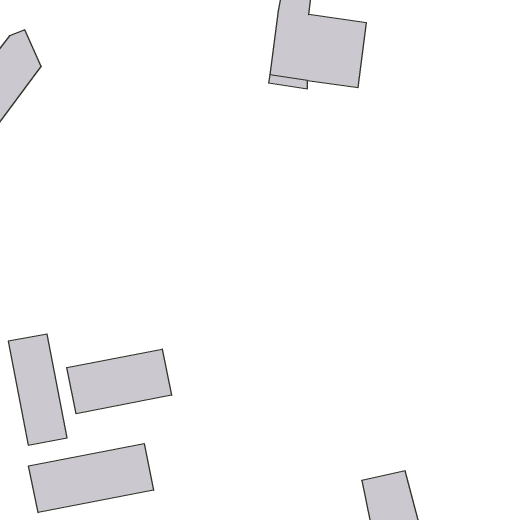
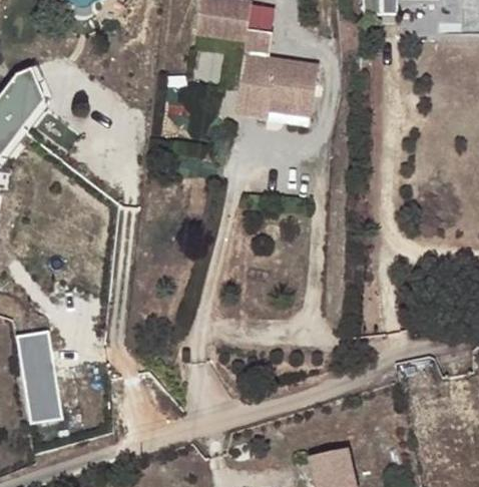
building: [67,349,172,414] -> none
building: [29,444,154,513] -> none

